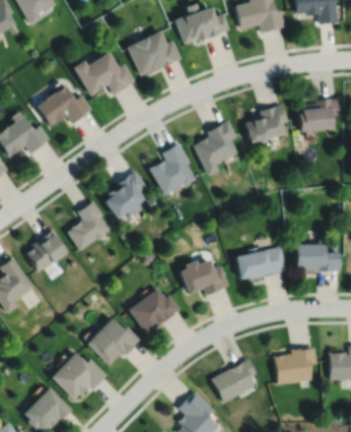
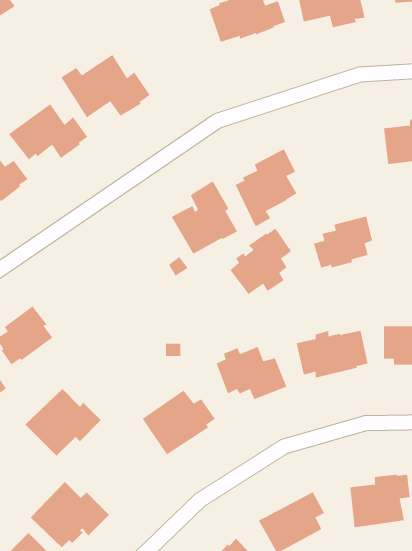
building: [127,32,182,77] -> none
building: [245,103,287,139] -> [313,216,373,268]
building: [103,170,147,217] -> [229,228,292,295]
building: [67,199,111,250] -> none
building: [86,317,140,365] -> [25,388,102,457]

